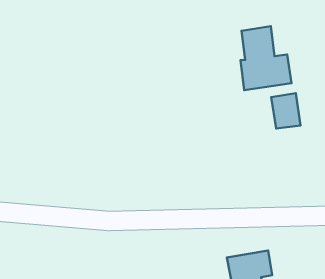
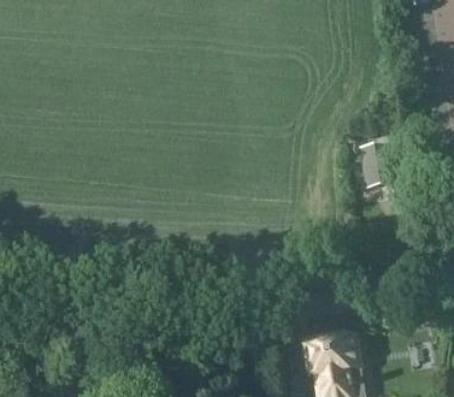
building: [240,26,292,90] -> none

